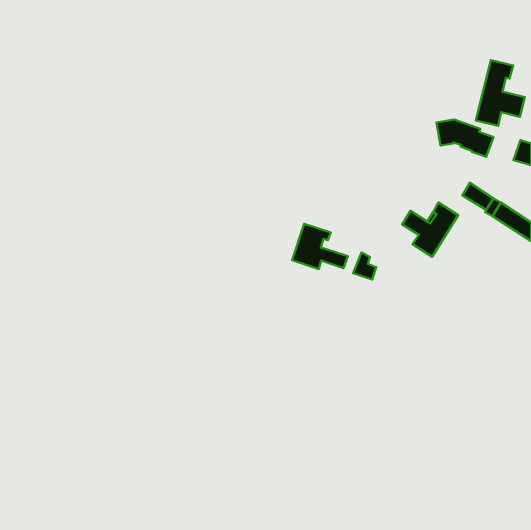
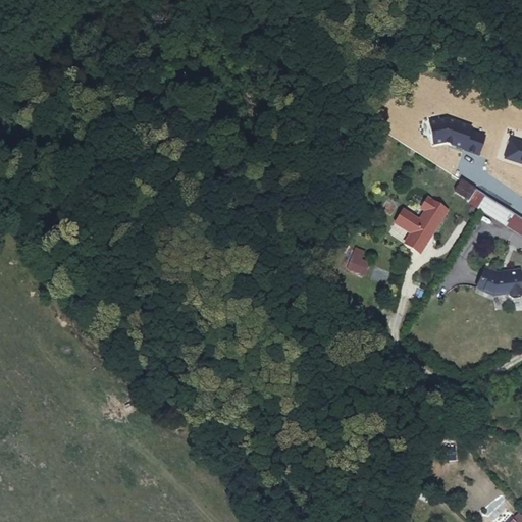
building: [476,60,525,126] -> none
building: [292,224,348,269] -> none
building: none -> [469,267,512,297]

